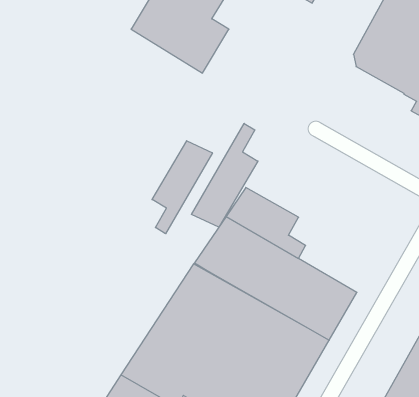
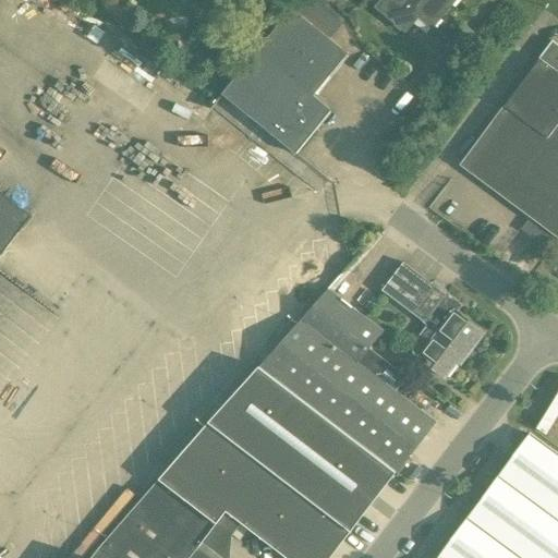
building: [191,123,258,227] -> none
building: [152,141,212,234] -> none
building: none -> [383,264,484,378]

